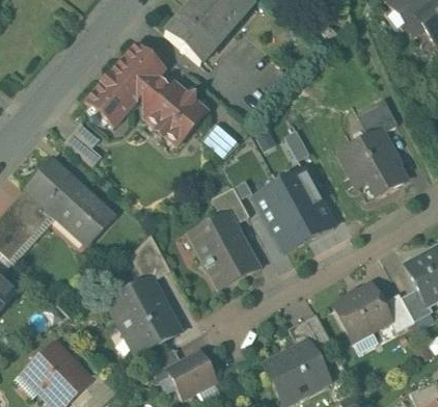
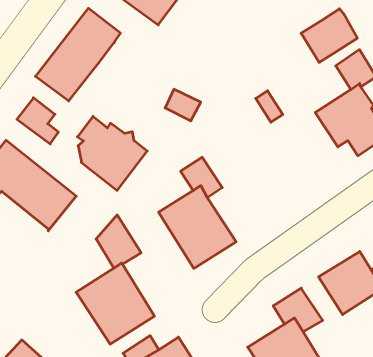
building: none -> [301,9,357,62]
building: [143,76,207,145] -> [77,116,147,190]
building: [253,168,334,252] -> none

